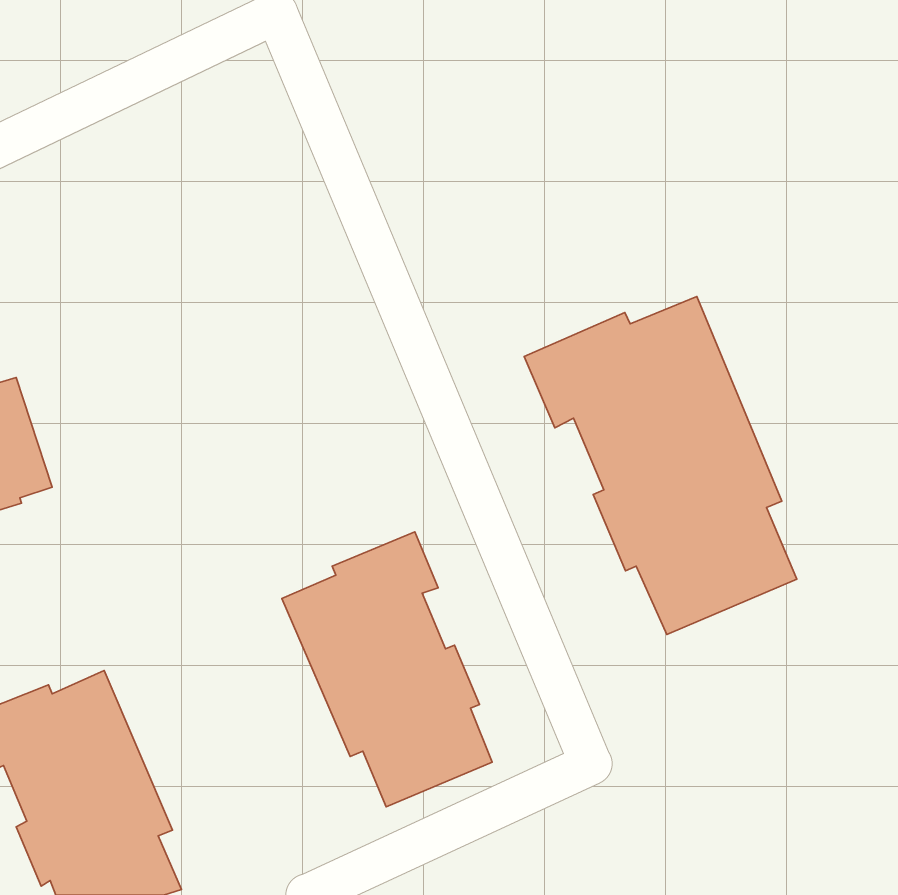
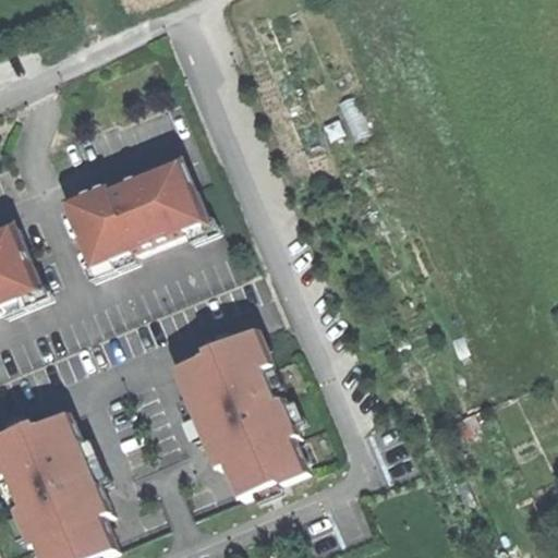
building: none -> [62,175,204,278]
building: [524,296,797,634] -> none

